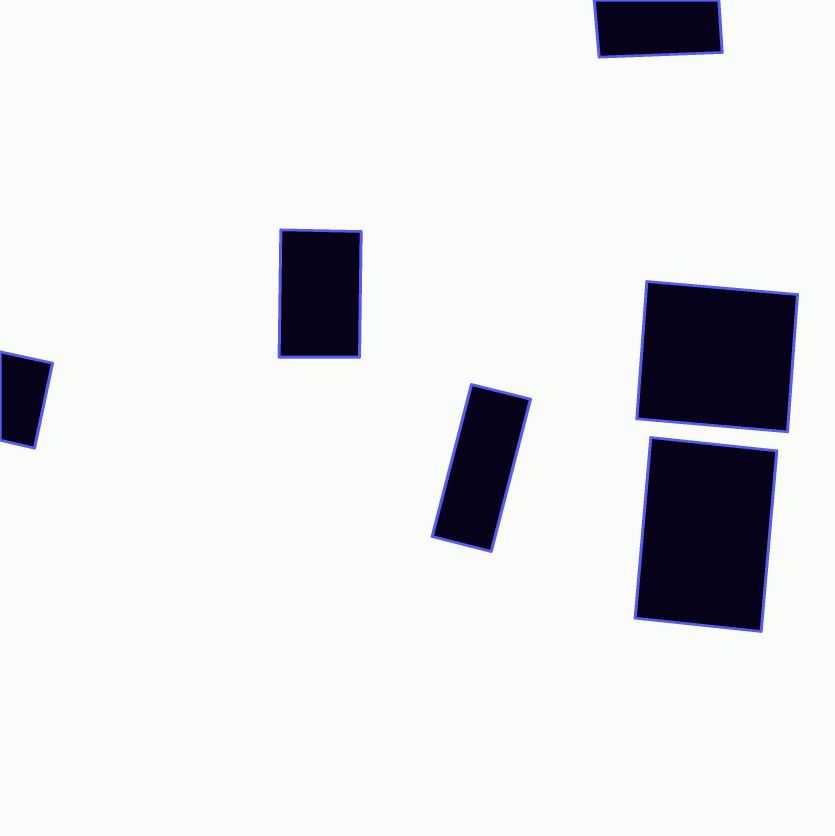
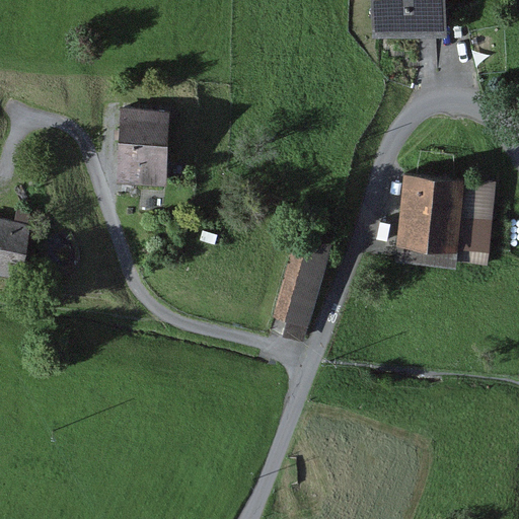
building: [279,230,361,357] -> [117,106,167,186]
building: [635,437,777,632] -> none

